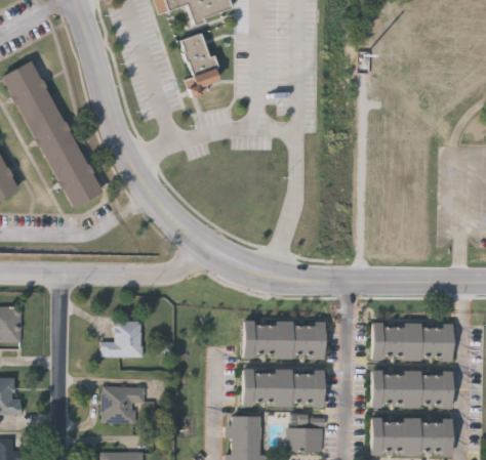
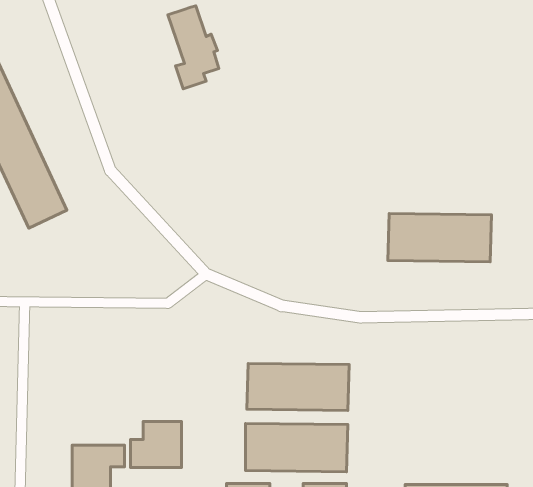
building: [103,321,144,358] -> [130,421,182,467]
building: [370,322,453,361] -> [388,213,491,262]
building: [370,370,452,408] -> none

